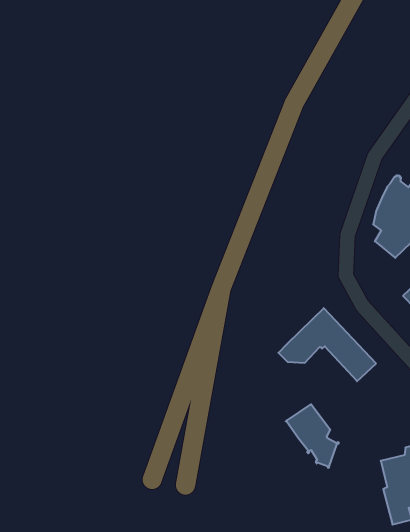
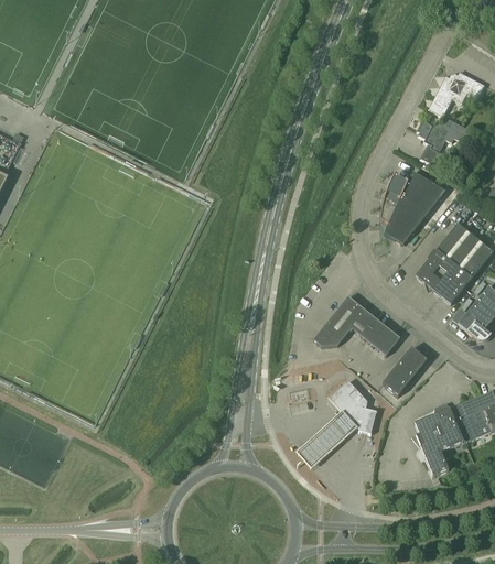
building: none -> [381,346,427,394]
building: none -> [295,412,354,469]

